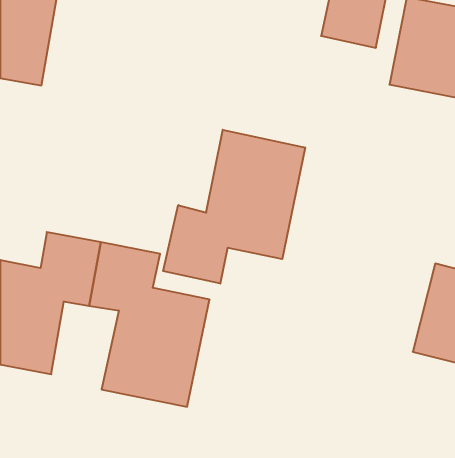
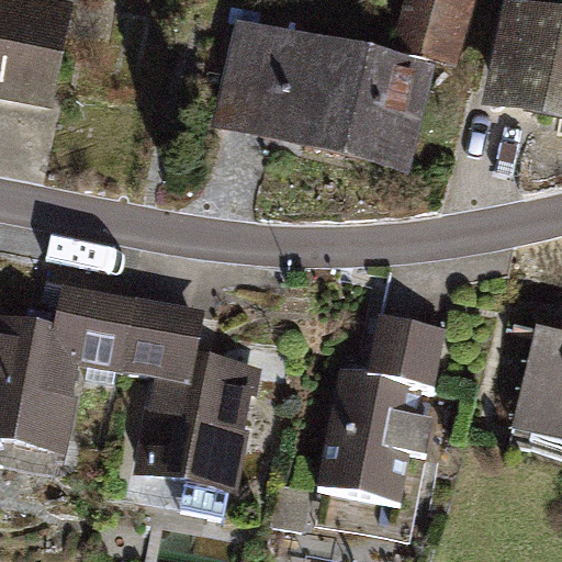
building: none -> [213,20,425,167]
building: [163,130,305,284] -> none
building: none -> [316,313,446,499]

